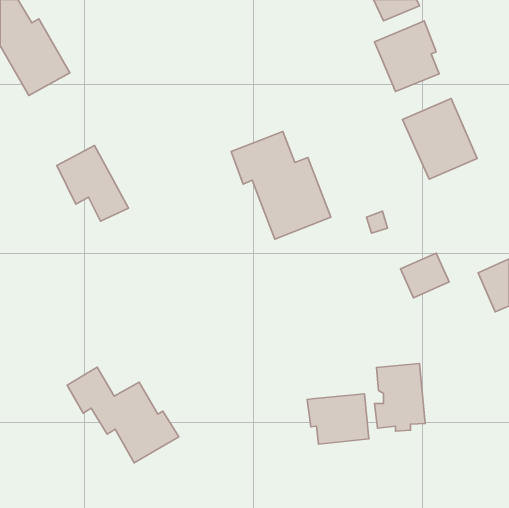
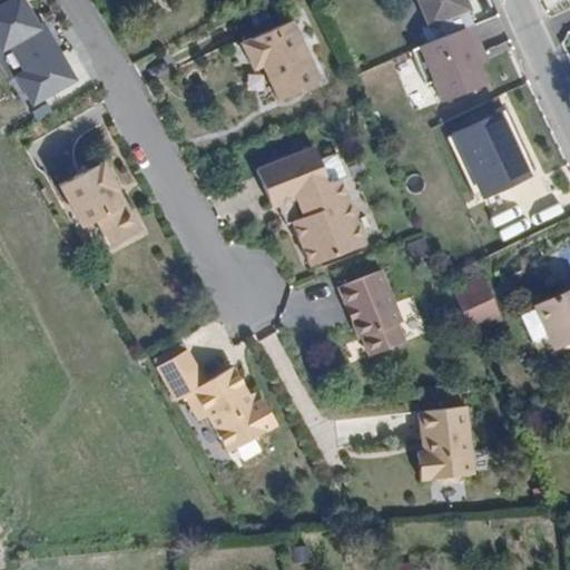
building: none -> [238,14,320,100]
building: none -> [337,267,405,354]
building: [67,367,179,463] -> [156,347,281,454]
building: [307,394,369,444] -> none

